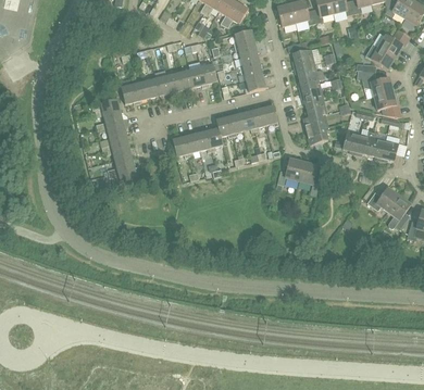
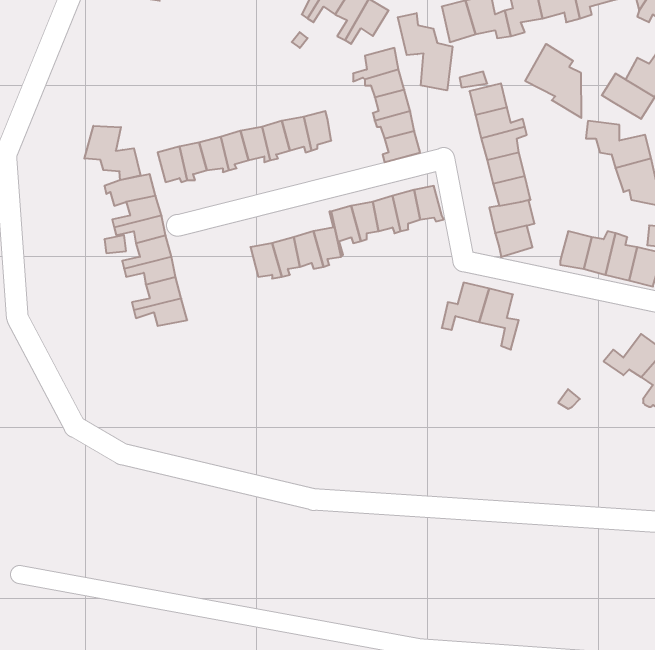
building: none -> [398,13,452,90]
building: none -> [525,44,581,118]
building: none -> [84,126,140,180]

